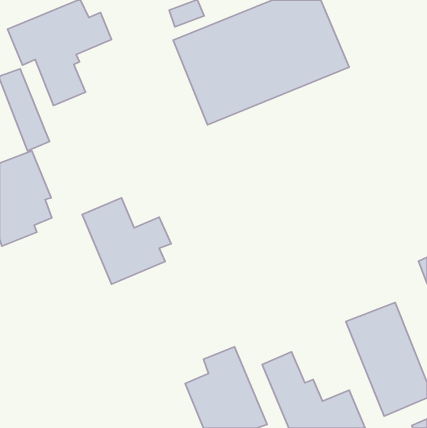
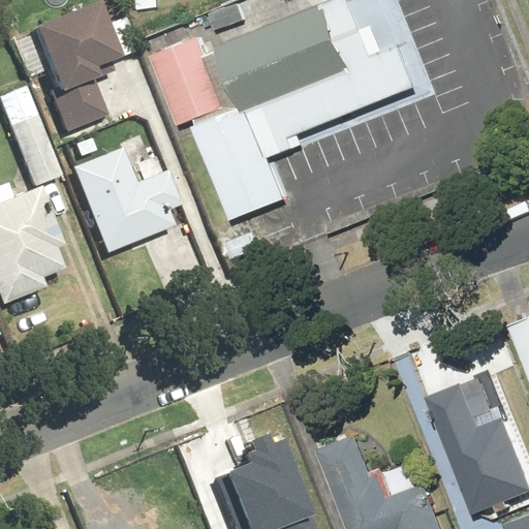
building: none -> [163,36,225,116]
building: none -> [190,112,272,220]
building: [82,198,171,284] -> [70,146,180,252]

